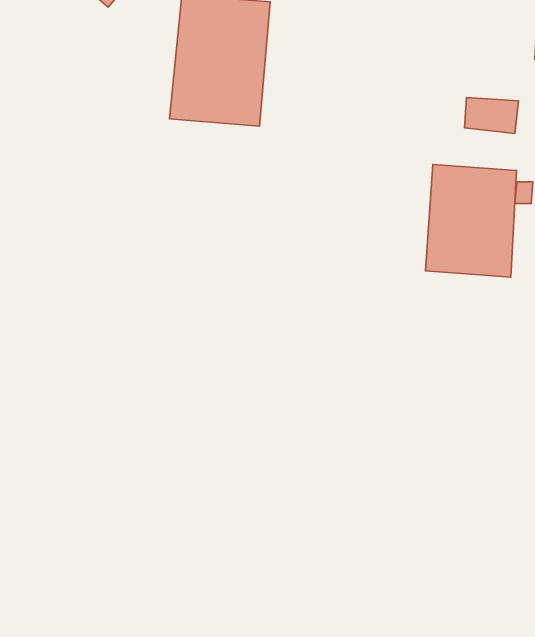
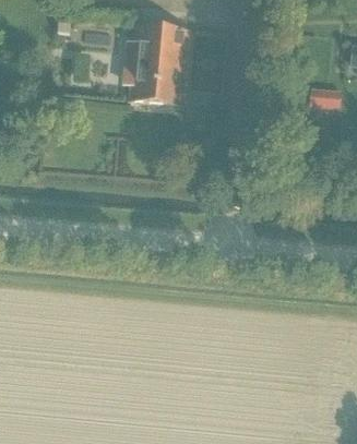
building: [425,164,517,277] -> none

